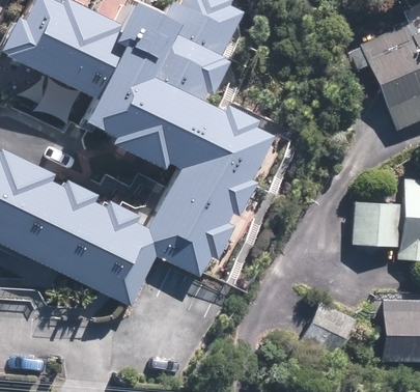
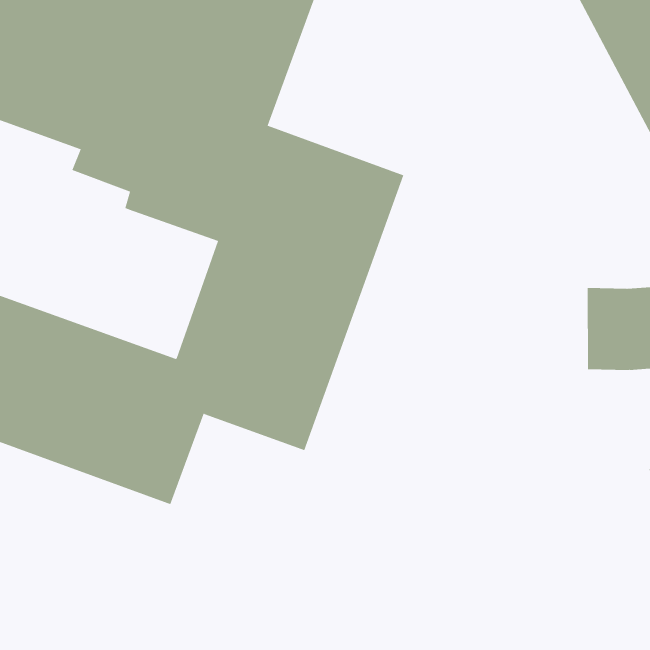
building: [305,301,362,357] -> none

